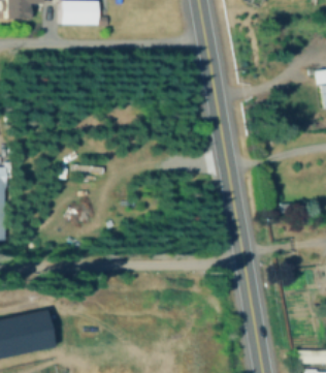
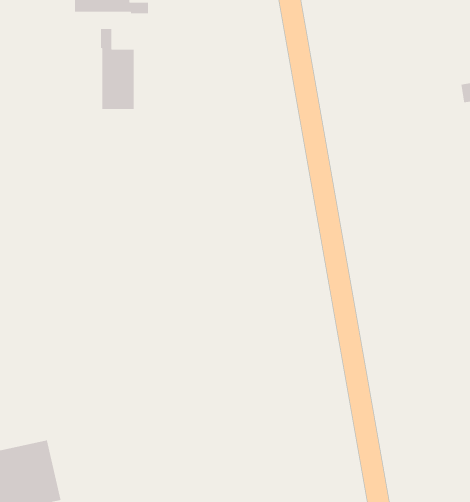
building: none -> [100,28,135,110]

